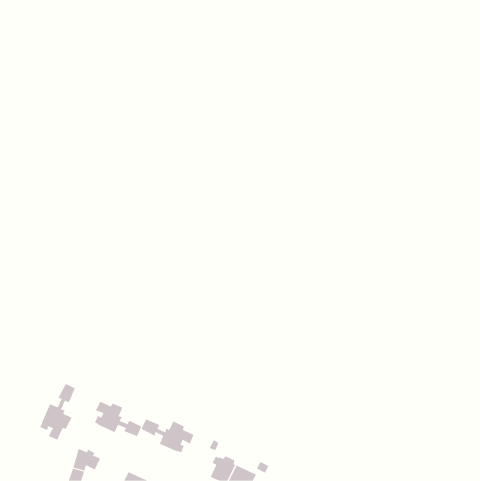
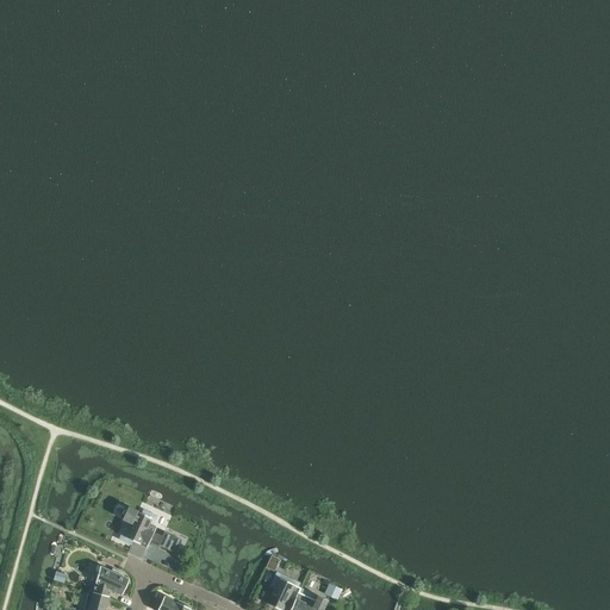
building: [40,383,76,441] -> none
building: [141,419,194,453] -> none

